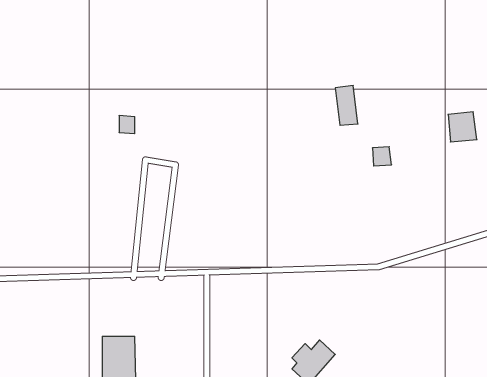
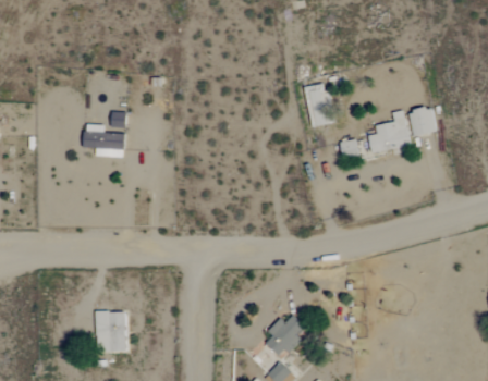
building: none -> [369,110,412,152]
building: none -> [85,127,124,156]

